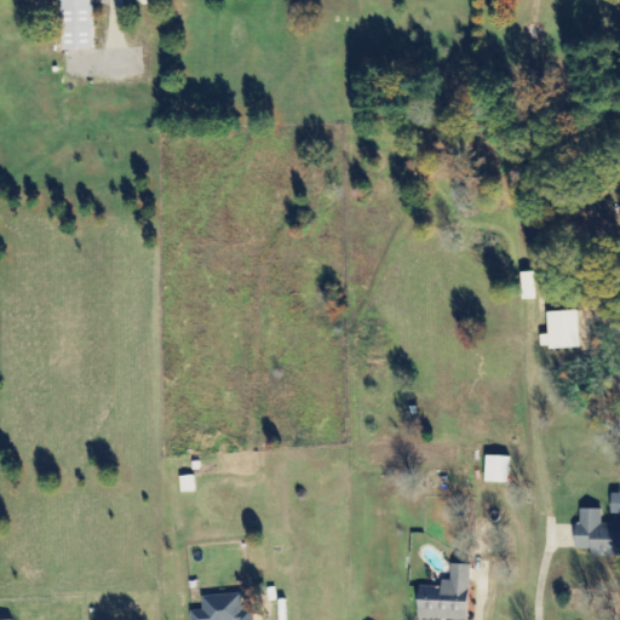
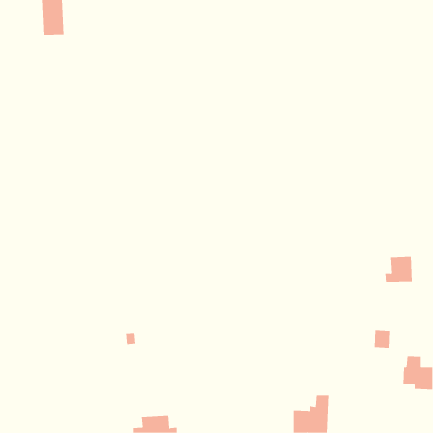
building: [539,310,579,348] -> [385,256,413,283]
building: [484,455,509,482] -> [374,330,391,349]

